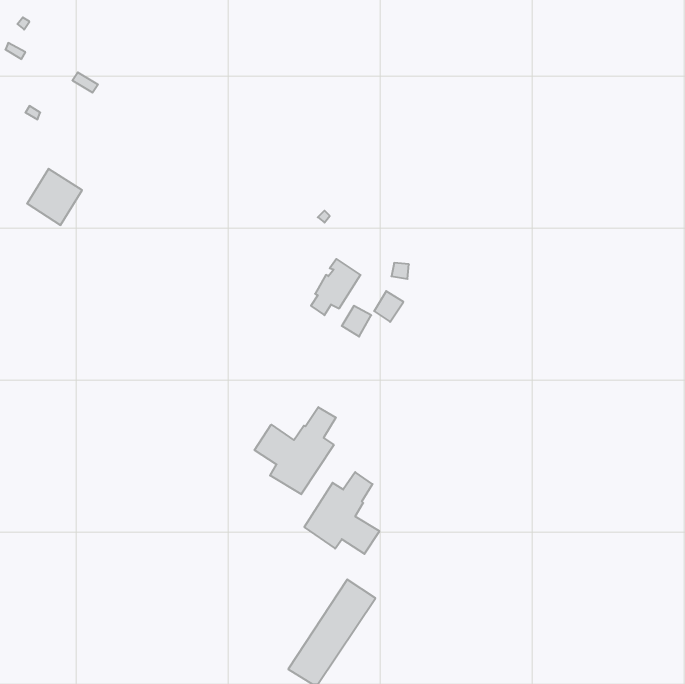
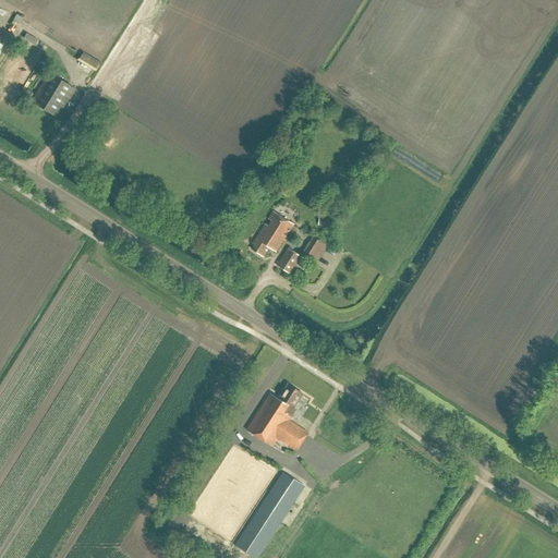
building: [27,169,82,225] -> [32,72,76,118]
building: [255,407,336,494] -> none

